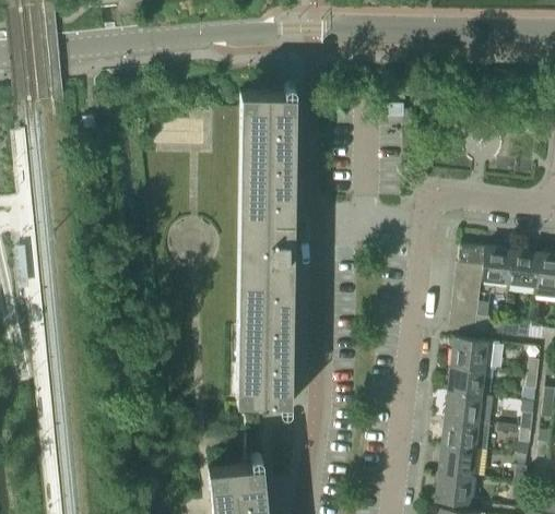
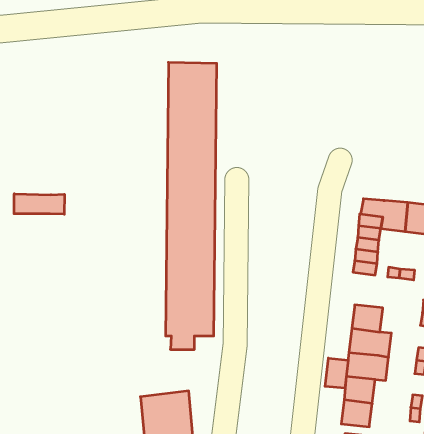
building: none -> [14,194,64,214]
building: [452,337,500,370] -> none
building: none -> [325,358,348,388]

